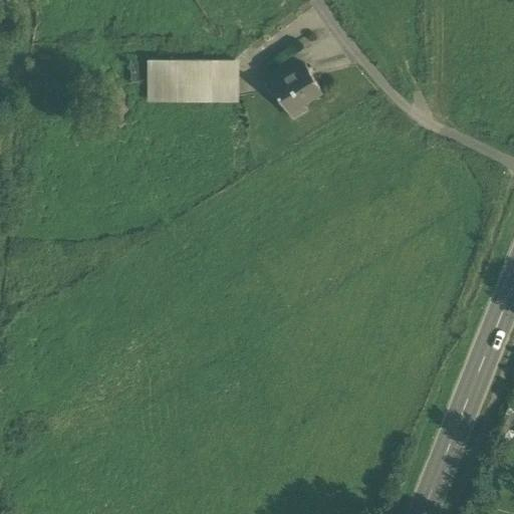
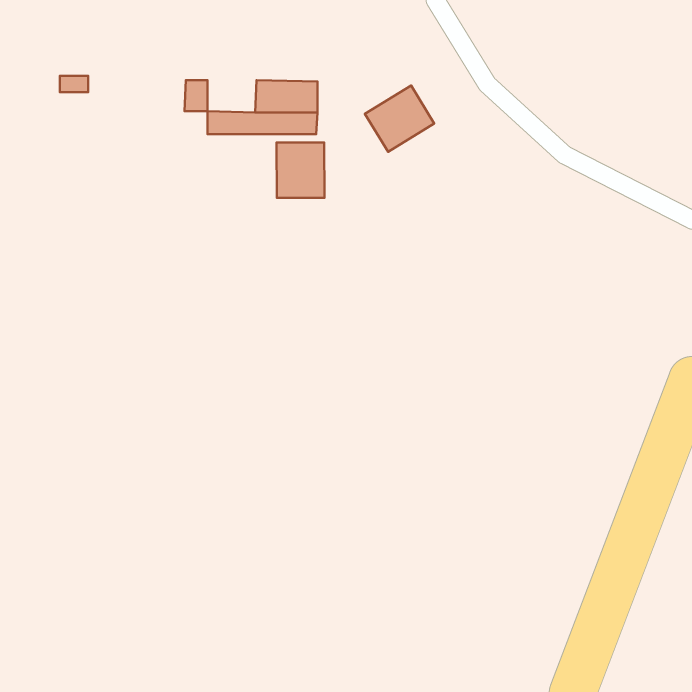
building: [154,60,190,84] -> none
building: none -> [277,143,325,198]

